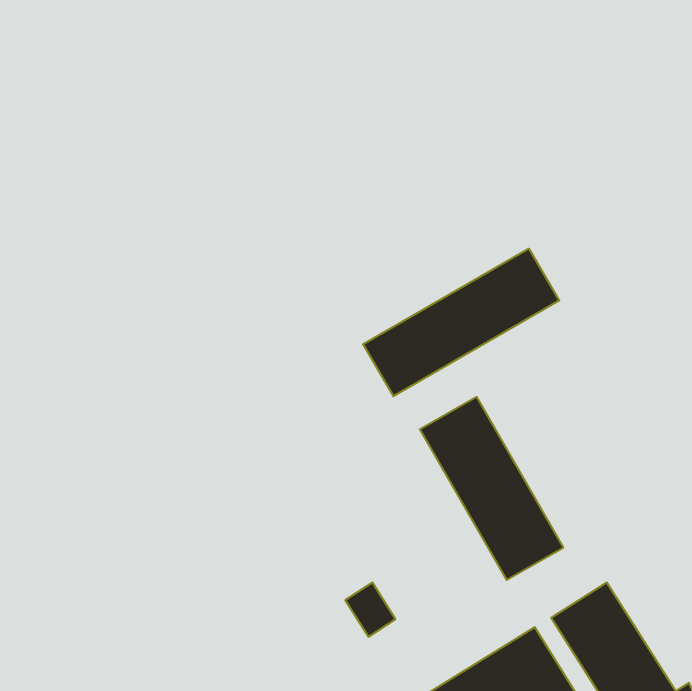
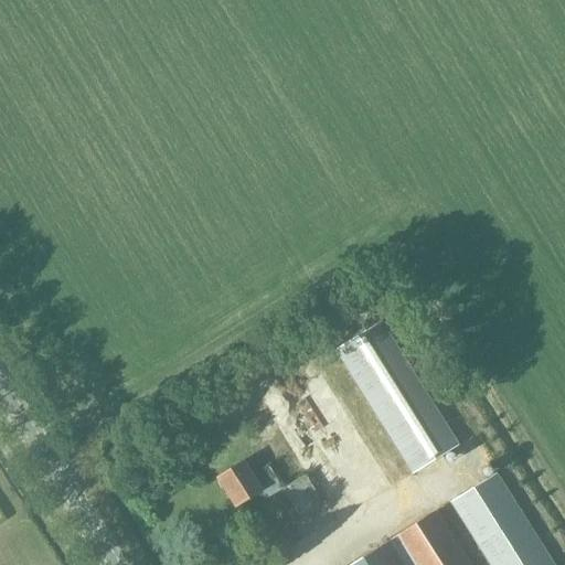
building: [363,249,559,396] -> none
building: none -> [215,461,274,509]

